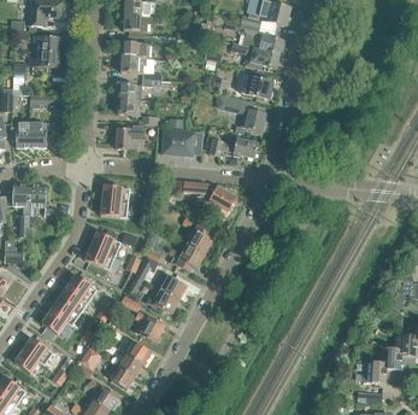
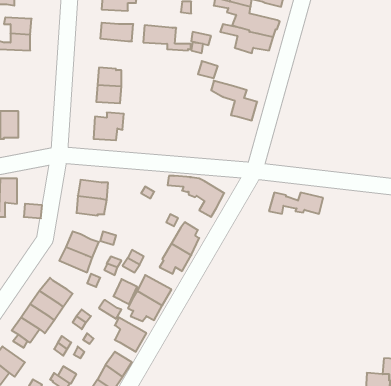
building: [120,55,164,78] -> [143,25,191,50]
building: [241,69,272,99] -> none
building: [161,127,204,156] -> none
building: [208,138,258,157] -> [269,193,323,214]

